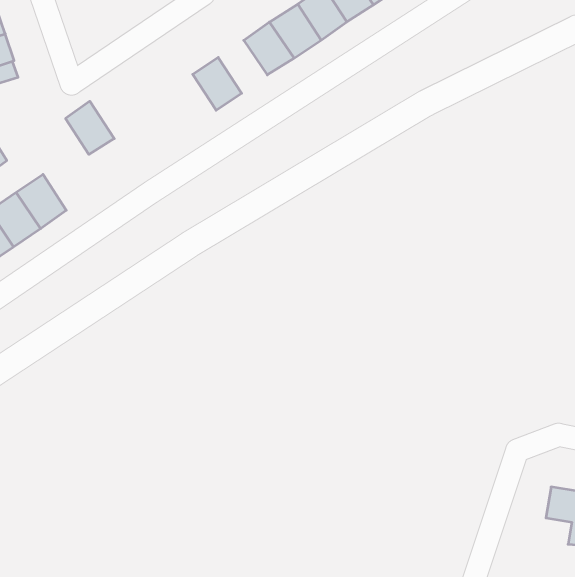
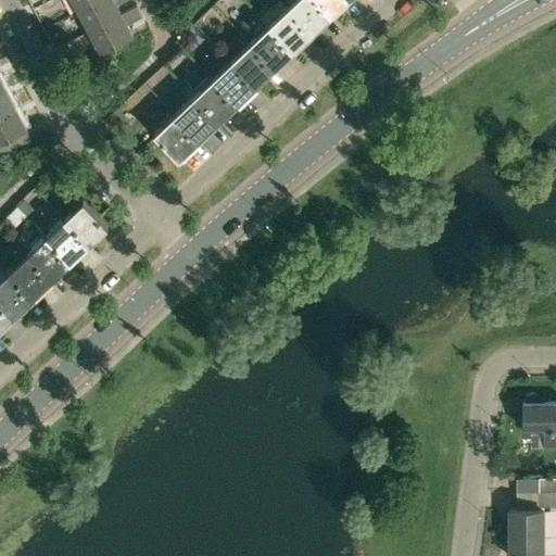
building: none -> [192,84,235,127]
building: none -> [154,118,198,163]
building: [66,101,114,154] -> [65,203,108,247]

